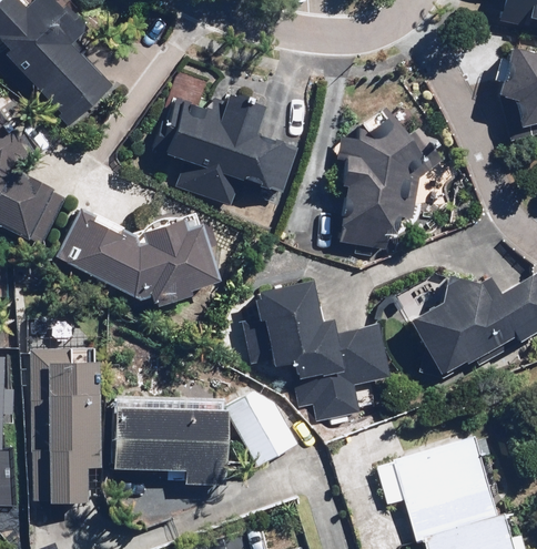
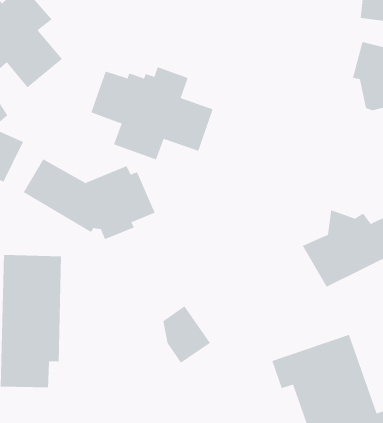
building: [334,111,429,257] -> none
building: [242,283,392,423] -> none
building: [109,383,223,506] -> none

